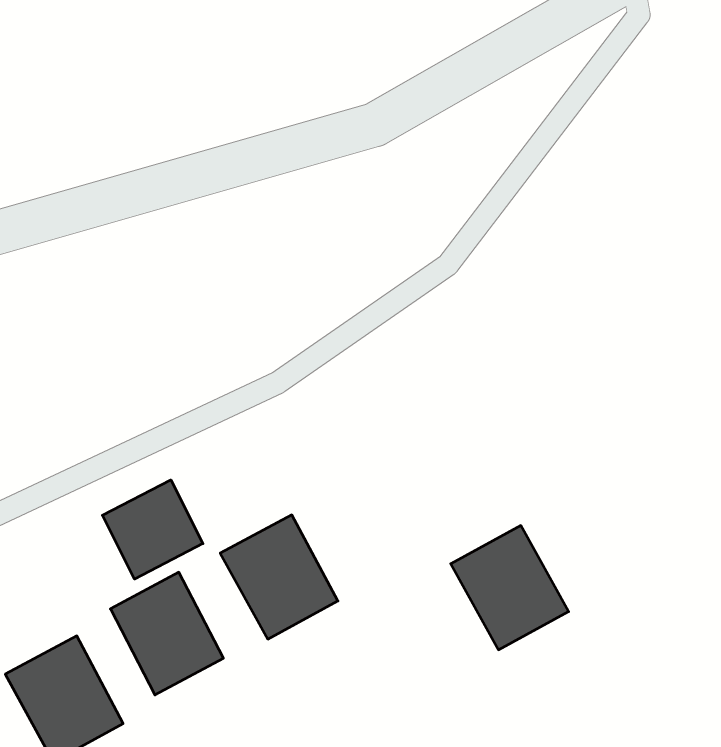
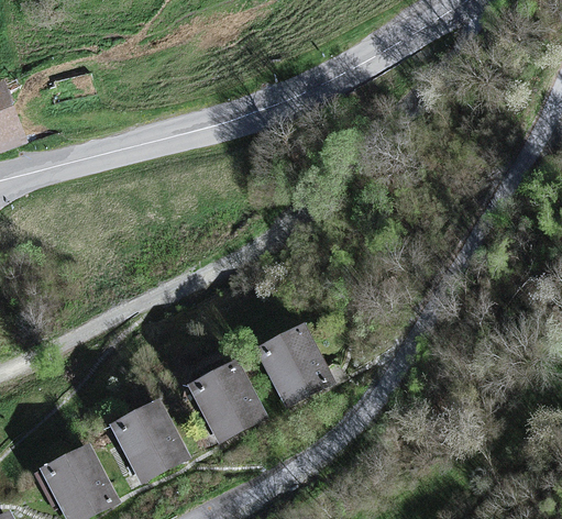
building: [102,480,203,579] -> none
building: [451,526,569,650] -> [254,323,335,409]

